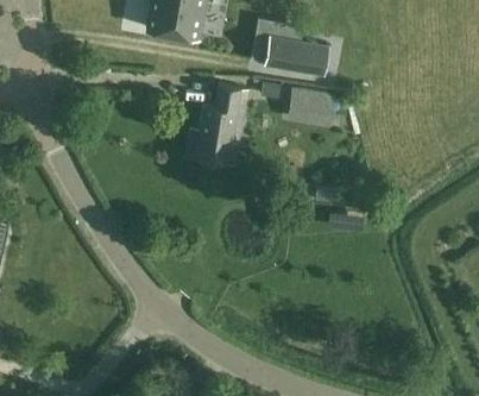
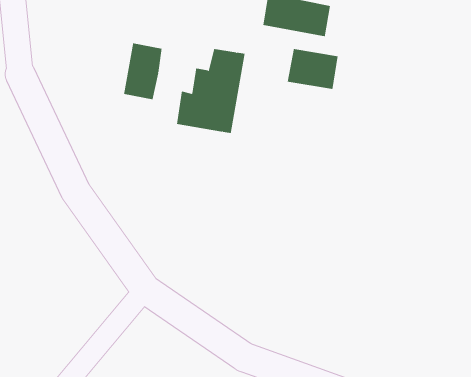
building: none -> [124,42,162,100]

